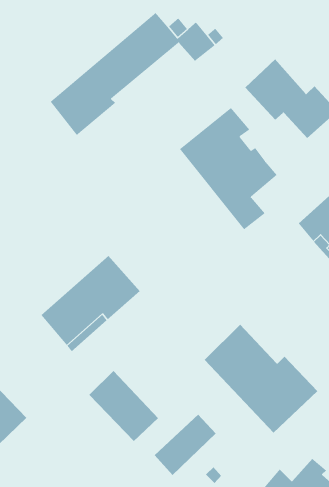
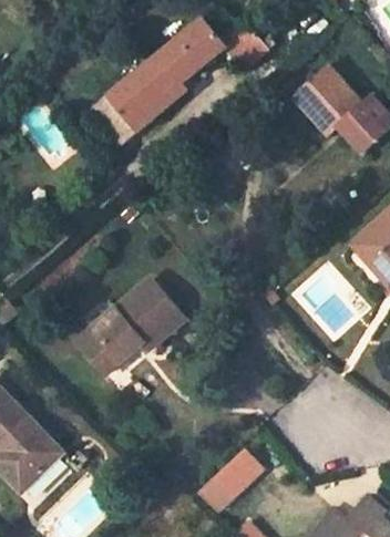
building: [179,107,278,230] -> none
building: [204,324,318,434] -> none
building: [88,370,159,442] -> none

